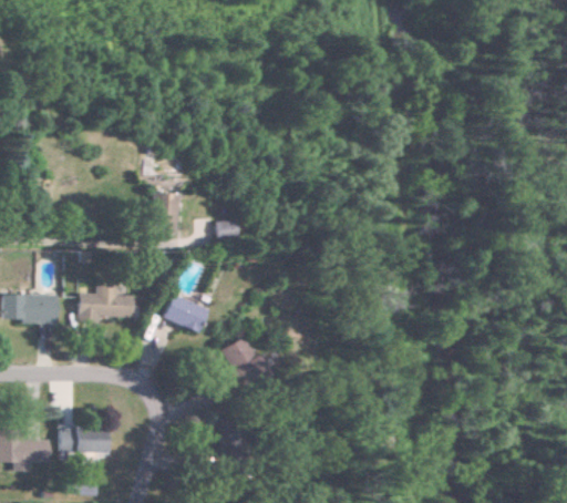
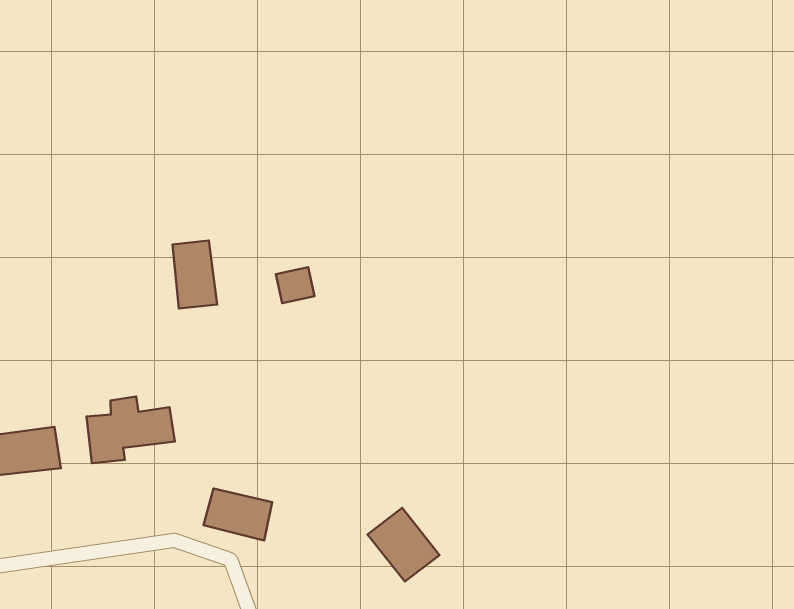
building: [162,296,207,333] -> [203,488,272,540]
building: [223,337,266,383] -> [367,508,439,582]

